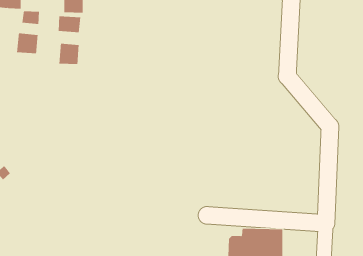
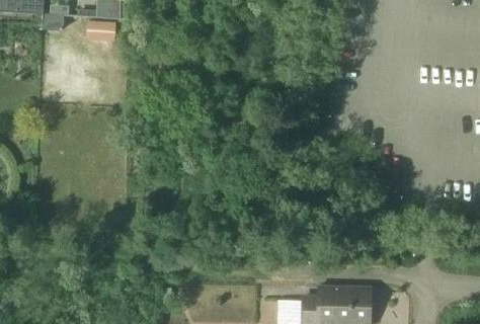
building: [17,32,38,54] -> none
building: [59,43,79,65] -> none

